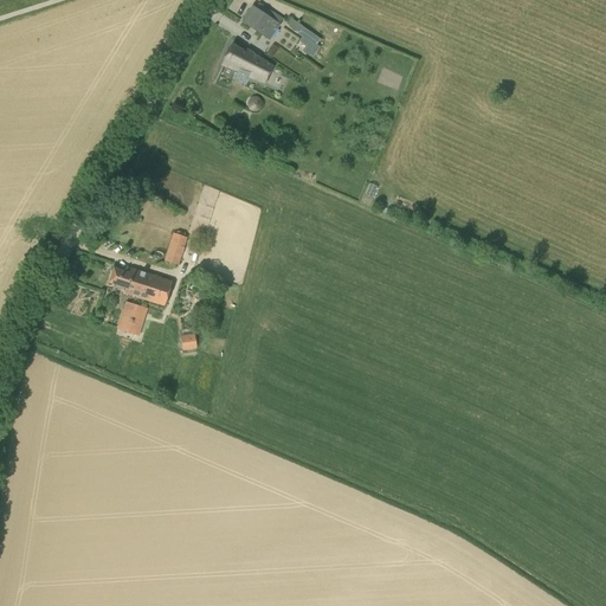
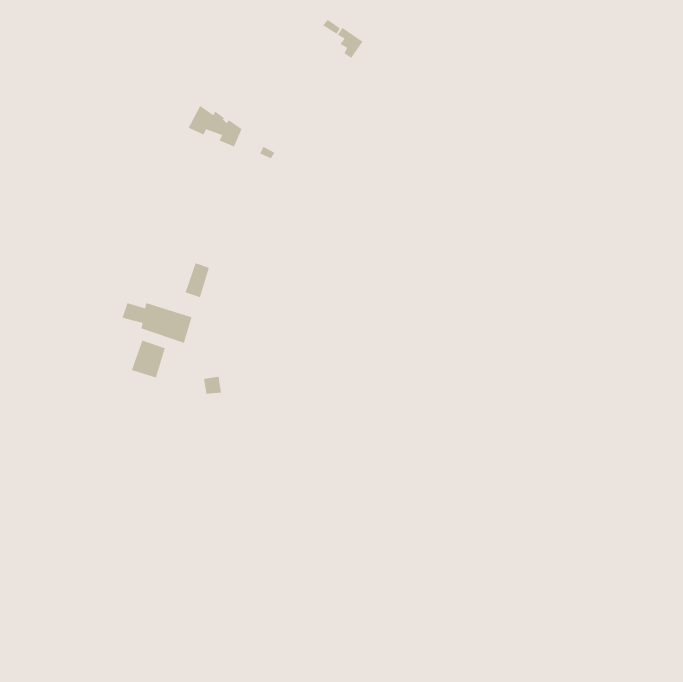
building: [241,5,278,38] -> none
building: [221,43,271,80] -> [187,105,243,148]

